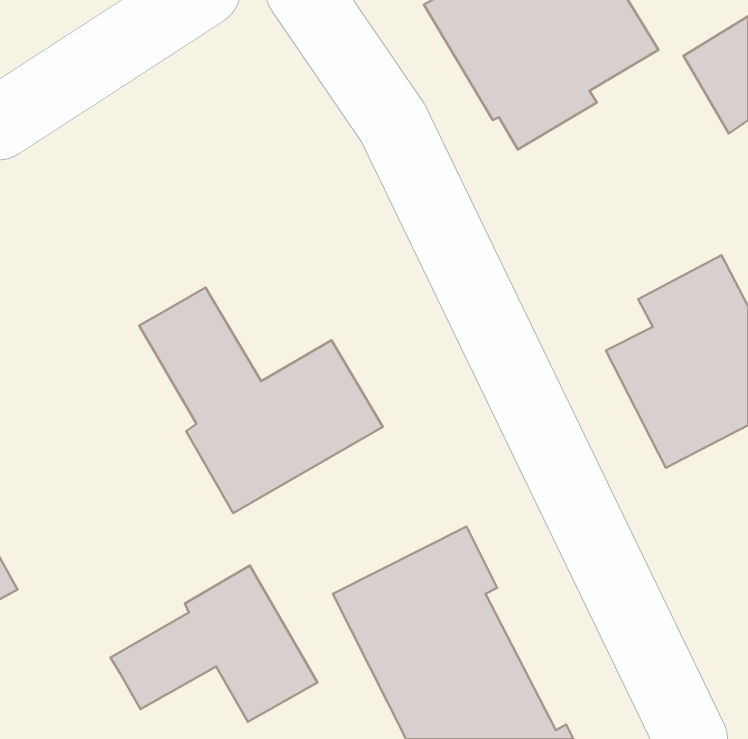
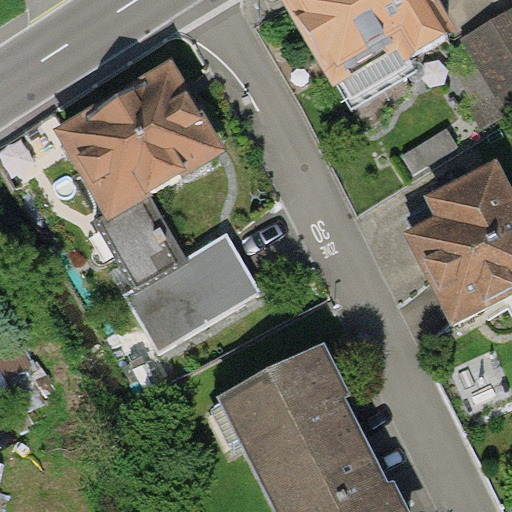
building: none -> [61,70,213,214]
building: [111,566,318,722] -> none

